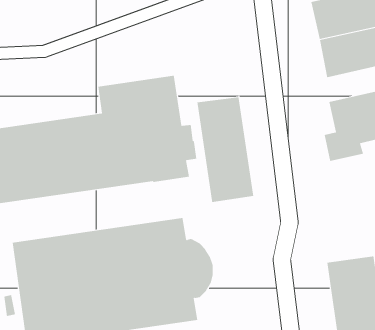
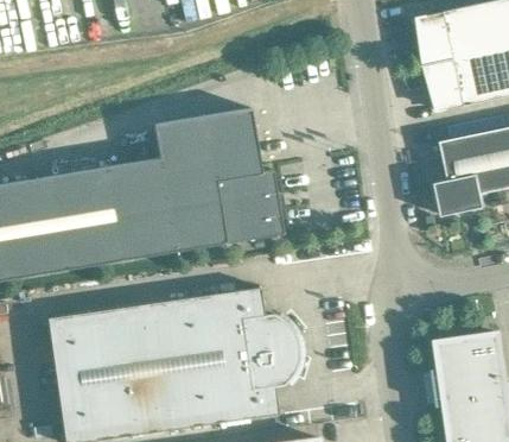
building: [197,96,254,203] -> none

